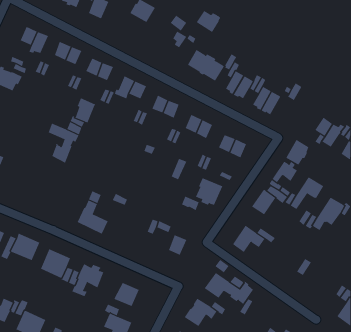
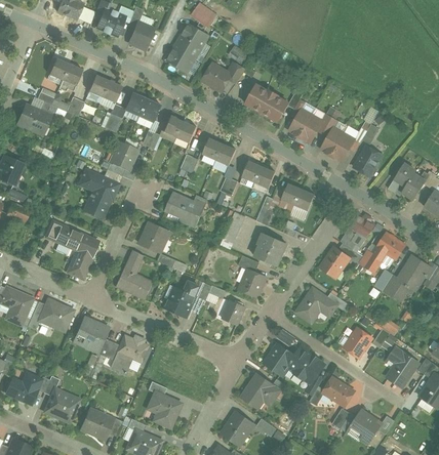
building: [196,10,221,33] -> [201,66,231,92]
building: none -> [167,42,197,72]
building: [286,139,309,166] -> [353,146,381,176]
building: none -> [165,191,201,228]
building: none -> [46,221,98,279]
building: none -> [139,221,170,251]
building: none -> [238,268,265,297]
building: none -> [164,287,195,317]
building: none -> [344,328,371,358]
building: none -> [385,347,417,387]
building: [114,282,139,307] -> none
building: none -> [321,377,353,407]

